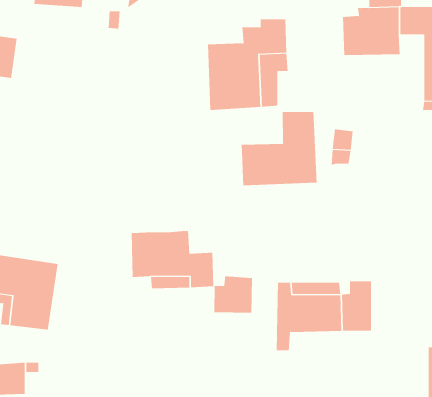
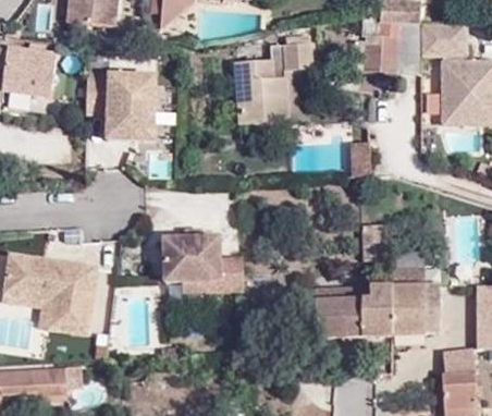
building: none -> [85,73,156,140]
building: [241,111,317,186] -> none
building: none -> [391,269,441,334]
building: [214,276,253,313] -> none

